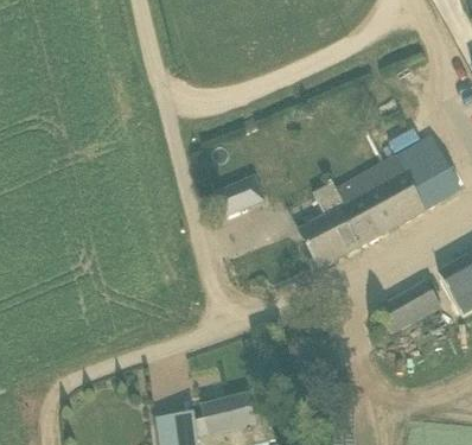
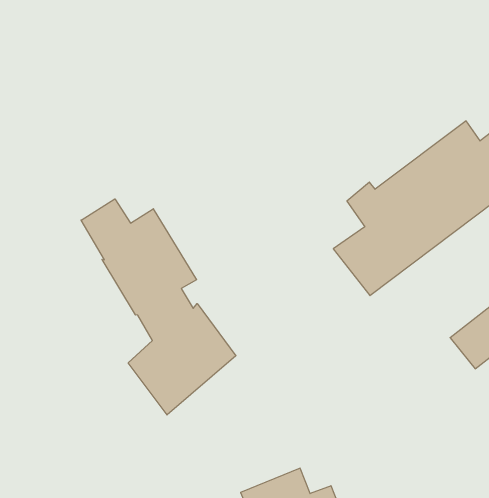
building: none -> [81,199,236,415]
building: [217,179,251,215] -> none

